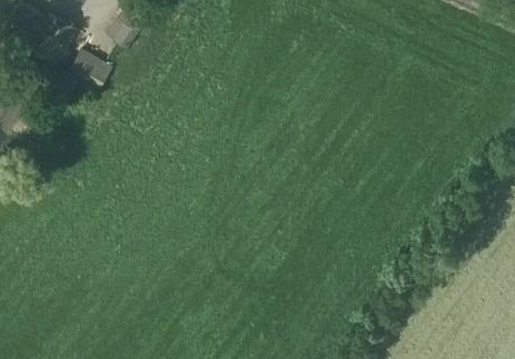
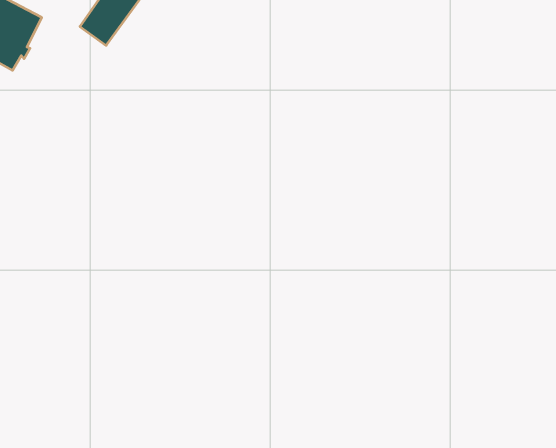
building: [70,48,113,87] -> none

